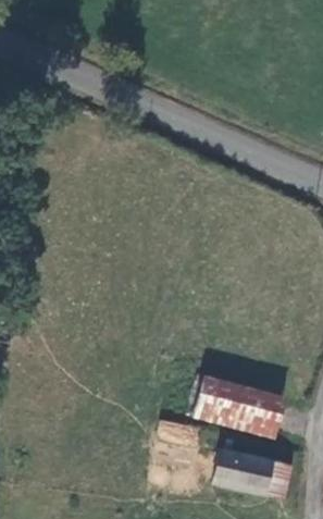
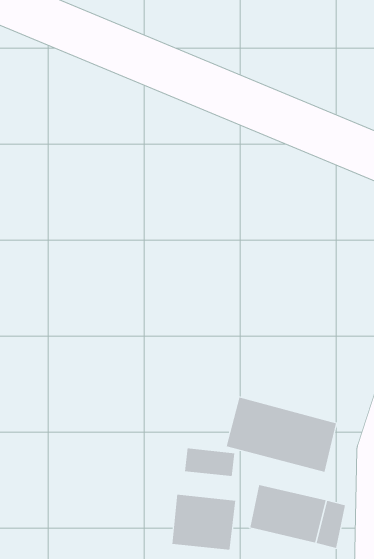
building: none -> [172,494,236,550]

